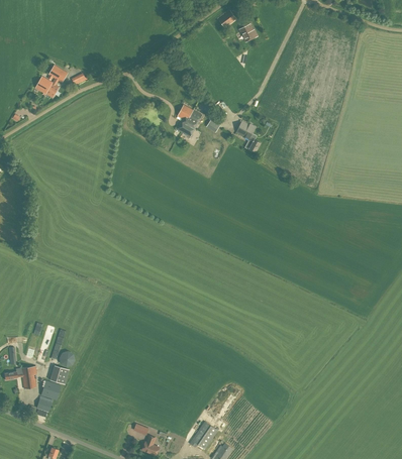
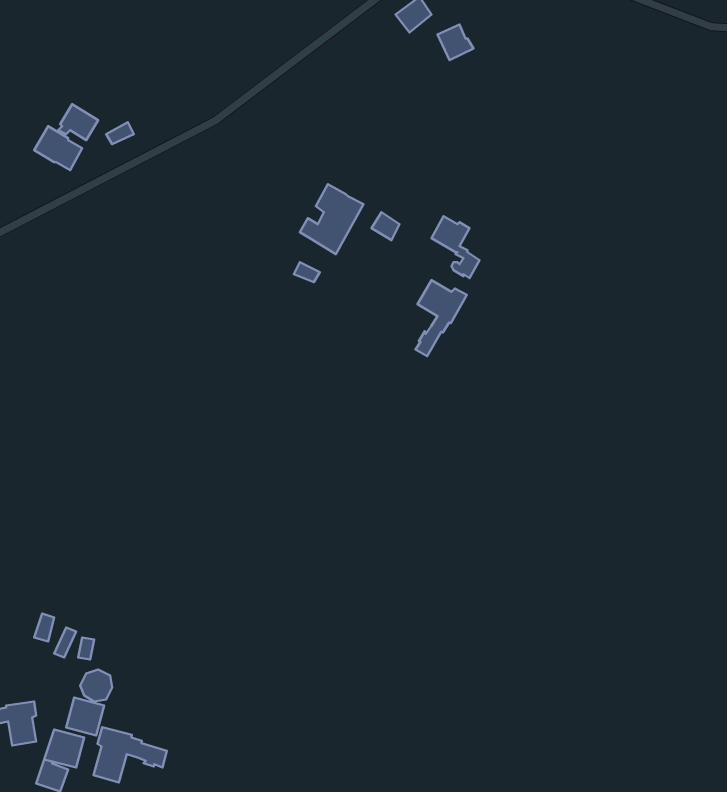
building: none -> [415,280,467,356]
building: none -> [93,727,167,782]

